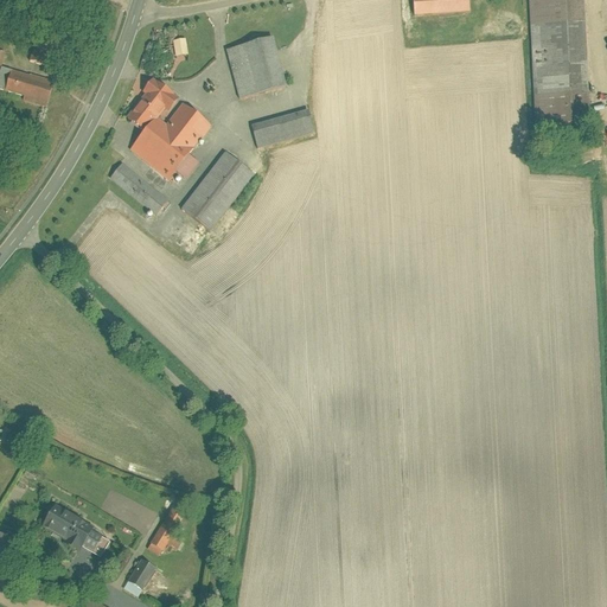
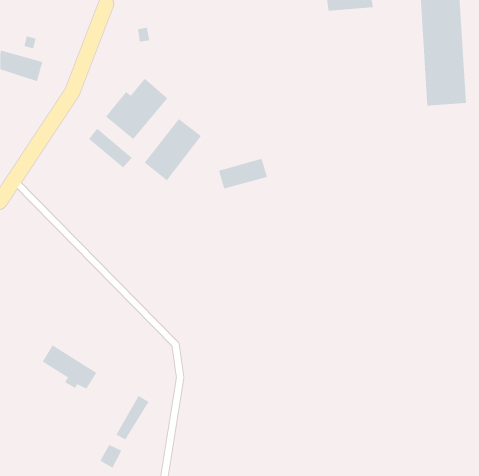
building: [226,36,287,98] -> none
building: [127,76,177,129] -> none
building: [253,108,315,147] -> [218,158,268,189]
building: [34,500,104,557] -> [42,345,97,390]

